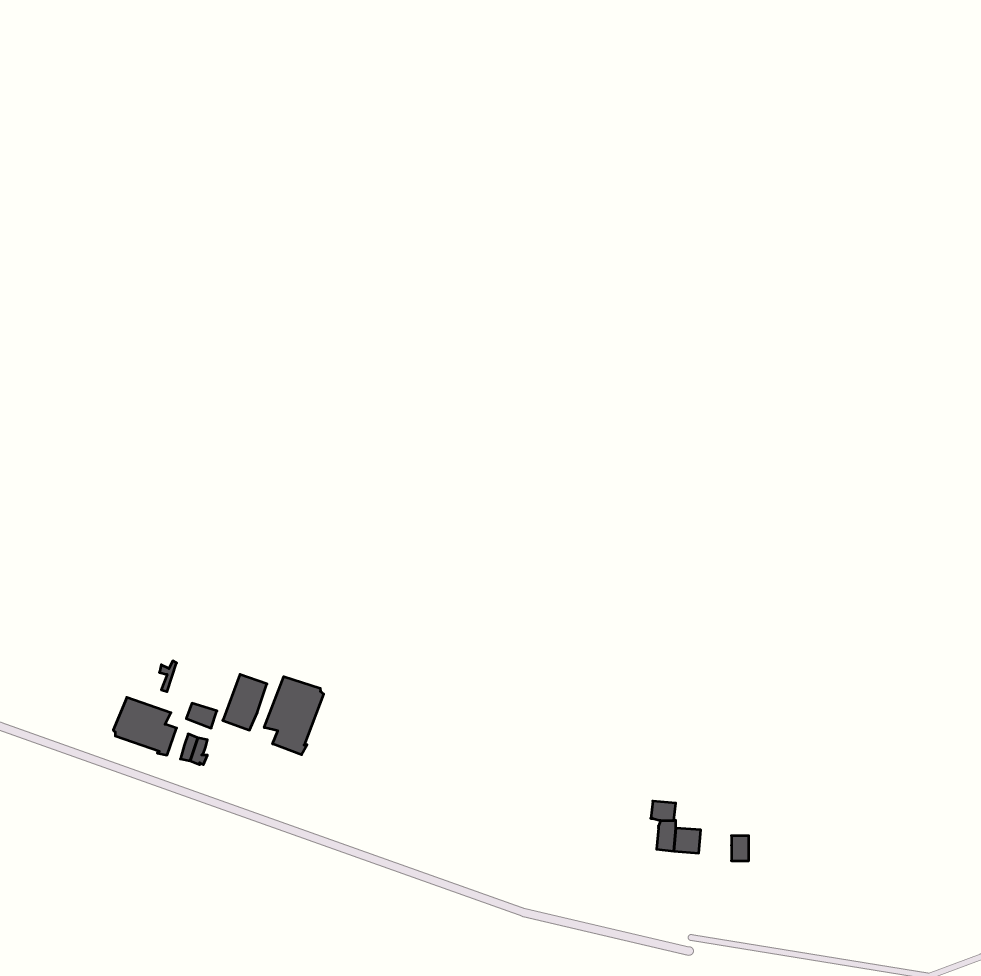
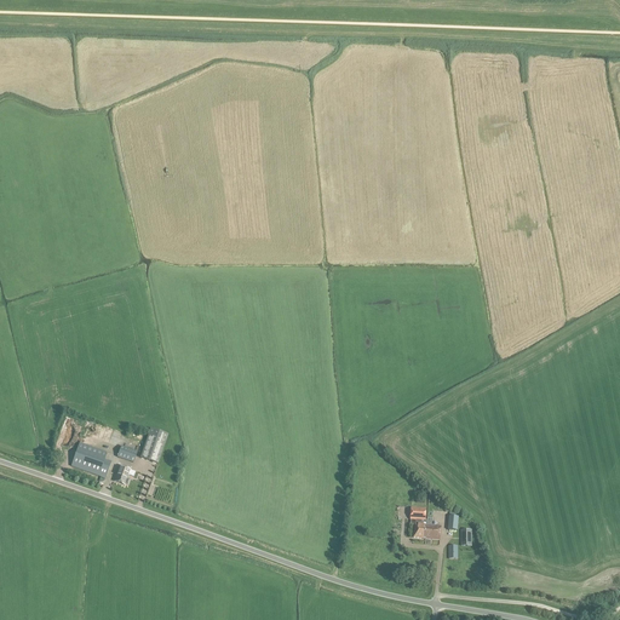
building: [264,677,324,755] -> none

